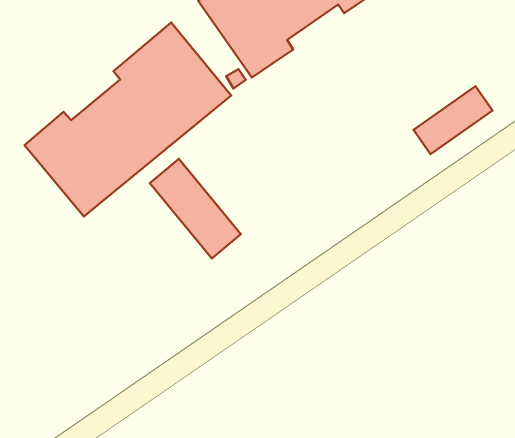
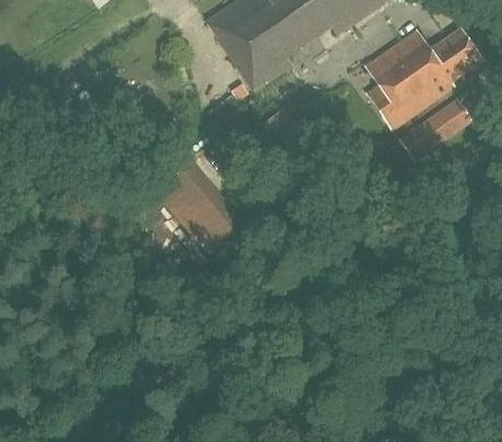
building: none -> [368,27,481,127]
building: [25,23,231,216] -> none

